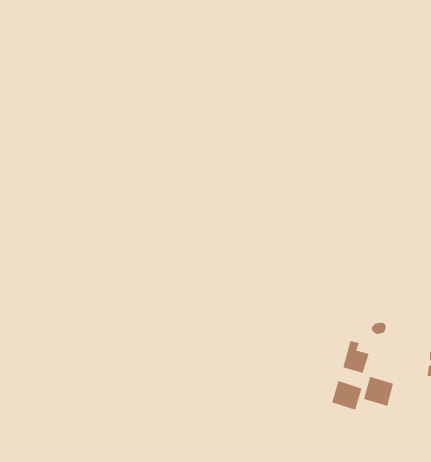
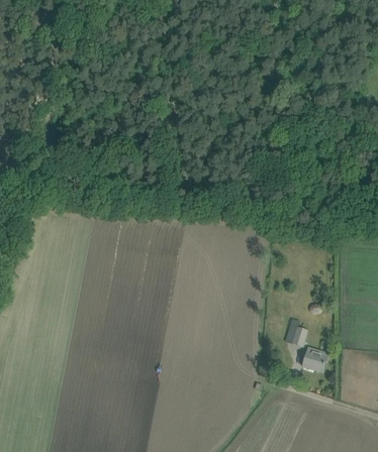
building: [332,380,362,411] -> none

